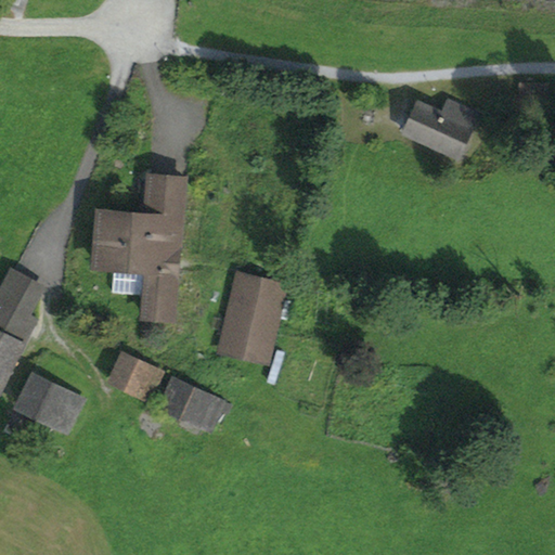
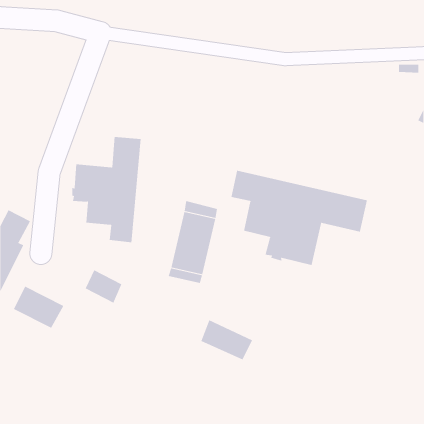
building: [403,100,477,156] -> none
building: none -> [231,170,368,266]
building: [163,377,231,430] -> [200,320,253,360]

